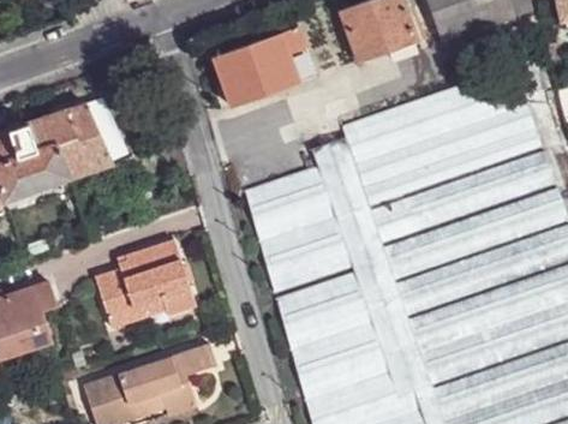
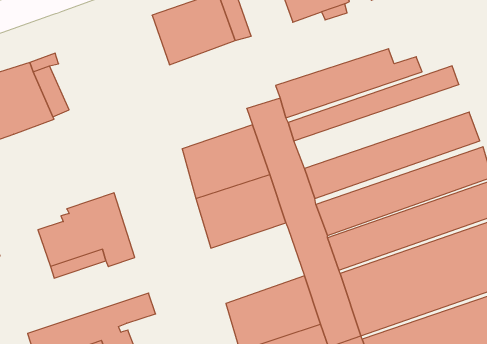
building: [363,125,545,213] -> none
building: [277,275,373,353] -> none

